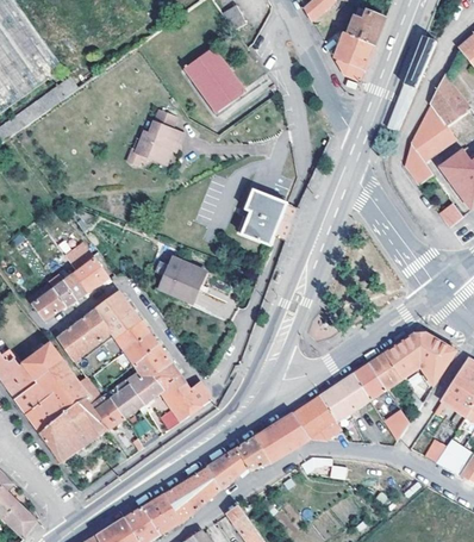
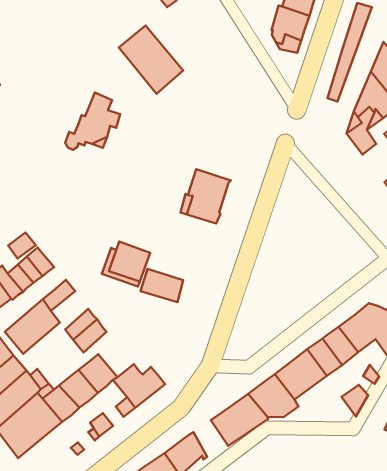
building: [102,303,139,339] -> none
building: [132,344,181,390] -> none
building: [236,437,269,473] -> none

